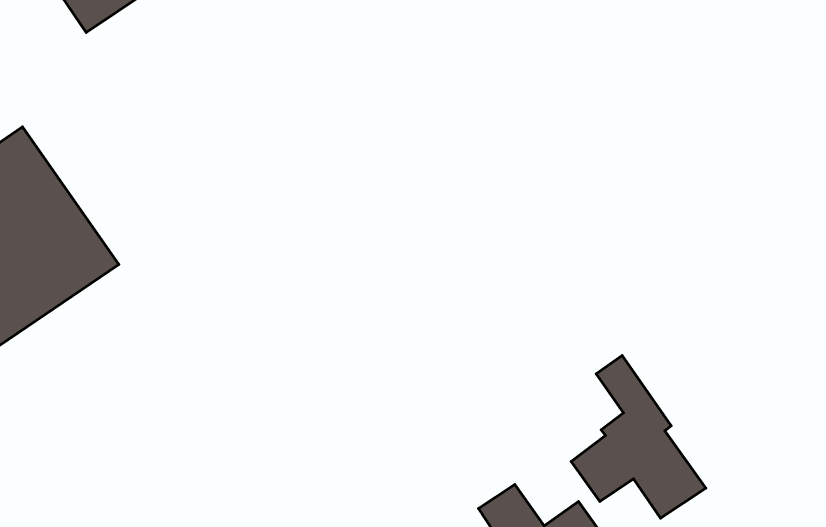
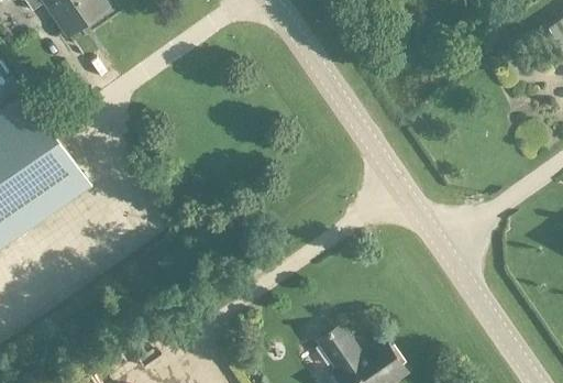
building: [571,355,706,518] -> none

